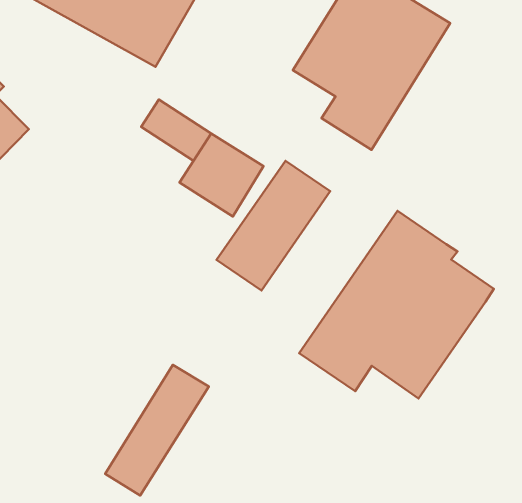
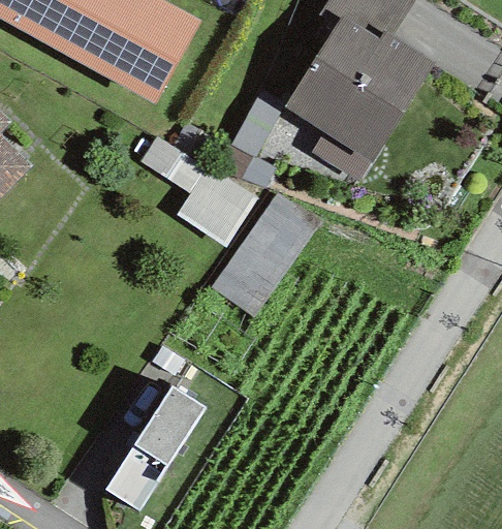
building: [299,211,494,399] -> none

